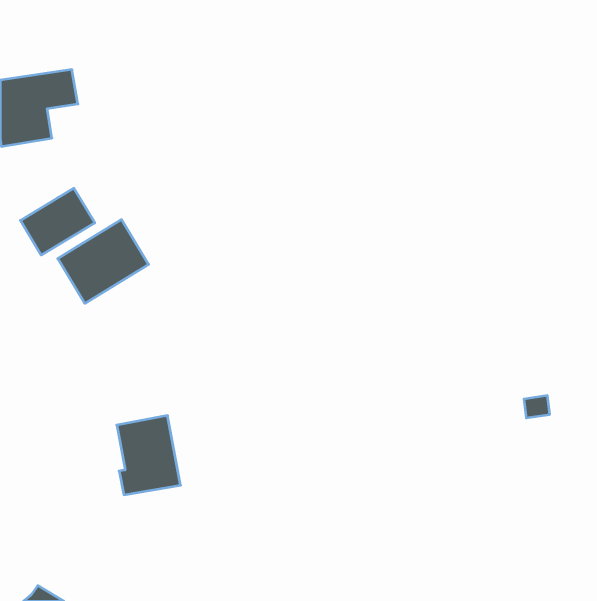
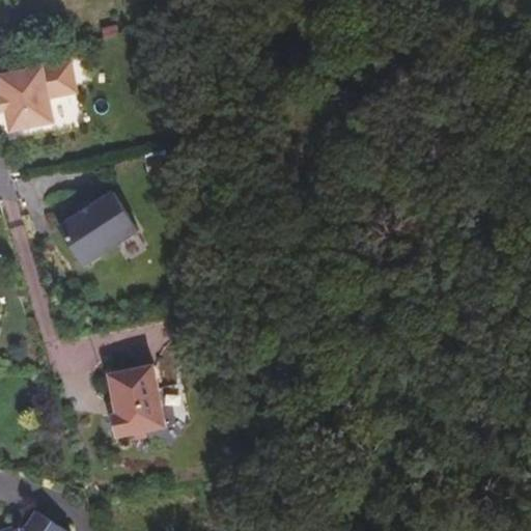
building: [20,188,95,255] -> none

